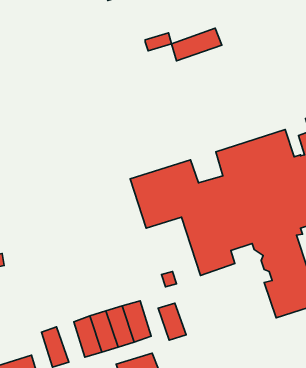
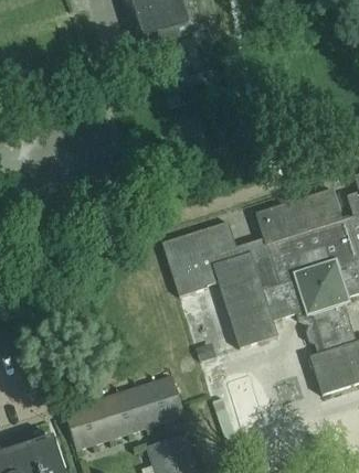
building: [171,28,222,61] -> none
building: [158,303,186,340] -> none
building: none -> [82,398,113,442]

